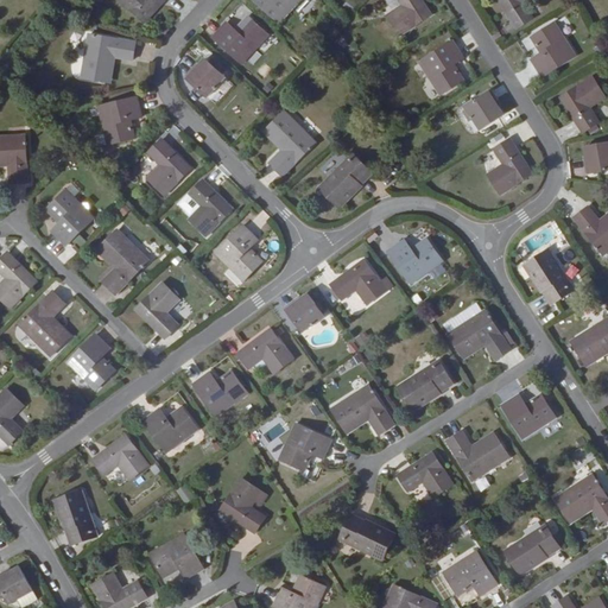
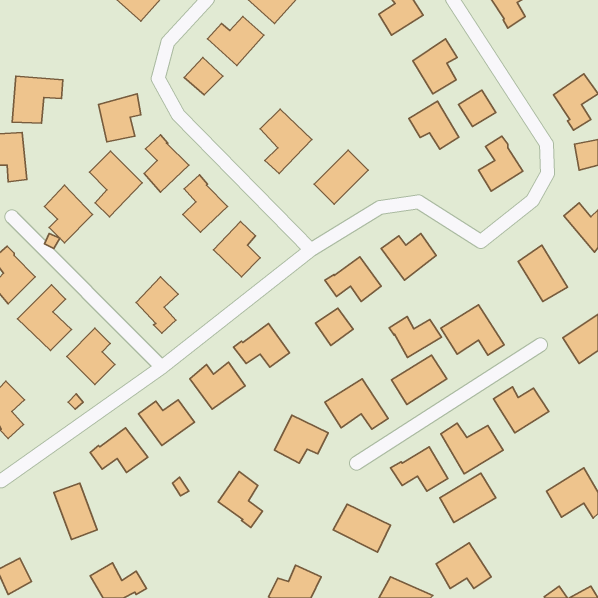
building: [528,25,574,77] -> none
building: [77,36,128,83] -> [12,76,63,123]
building: none -> [409,101,459,149]
building: [95,227,148,293] -> [89,151,142,217]
building: [287,292,325,330] -> [316,308,353,346]
building: none -> [389,317,442,357]
building: [504,525,560,575] -> [440,473,496,522]
building: [148,534,203,581] -> none

